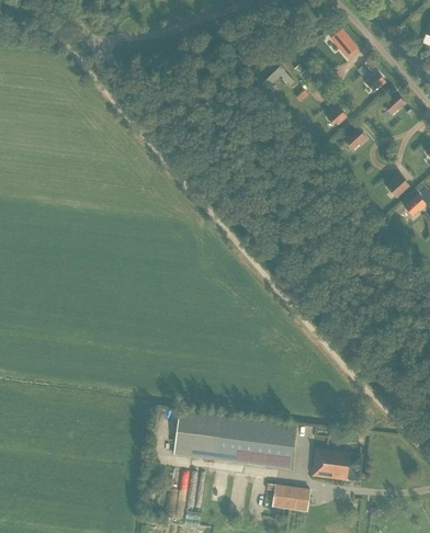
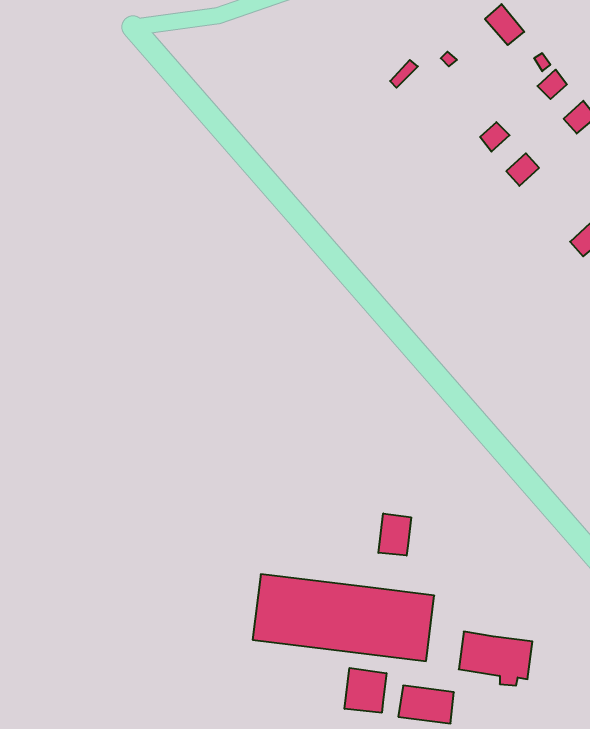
building: none -> [378,513,411,556]
building: none -> [345,668,386,713]

